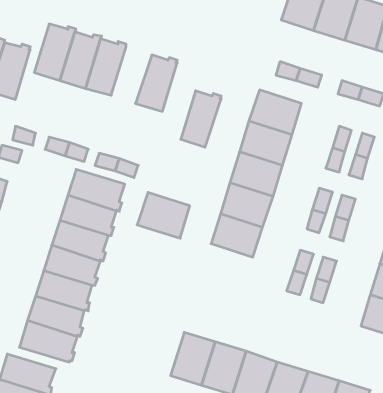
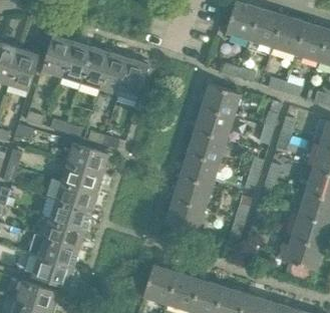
building: [181,91,221,147] -> [99,52,129,94]
building: [137,192,190,238] -> [166,199,205,233]

